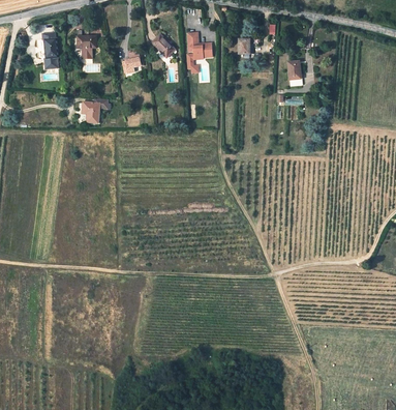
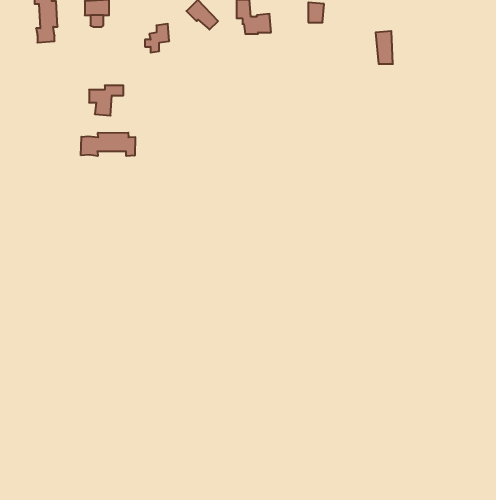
building: none -> [81,133,135,156]

